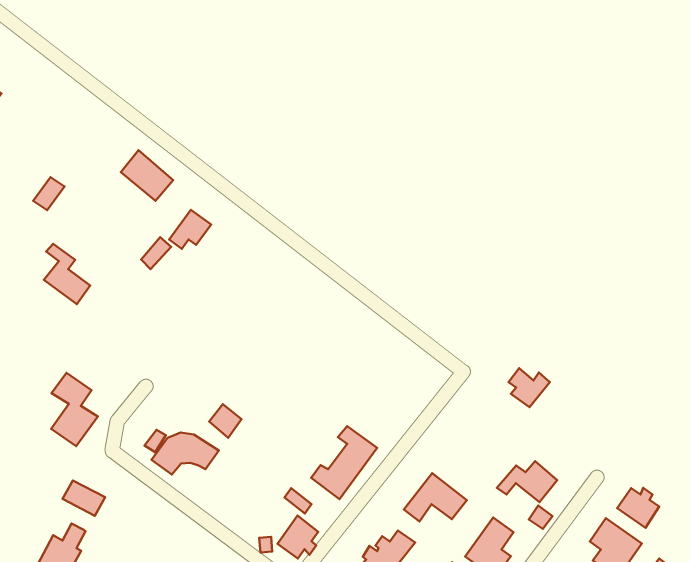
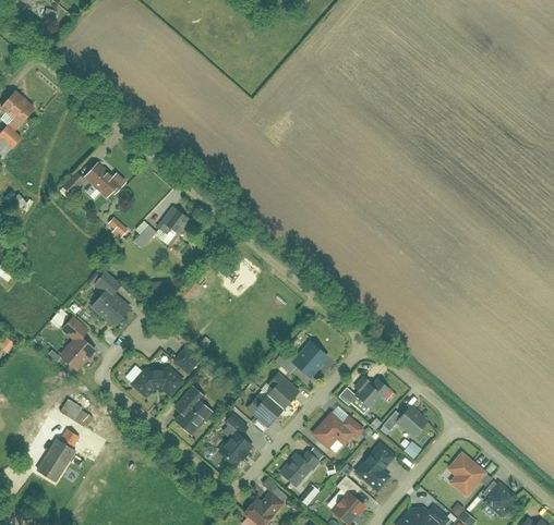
building: [121,150,173,201] -> [87,162,125,200]
building: [44,244,90,304] -> [91,281,124,327]
building: [509,368,550,407] -> [356,379,386,408]
building: none -> [280,341,330,377]
building: none -> [172,387,210,437]
building: [617,488,659,528] -> none

